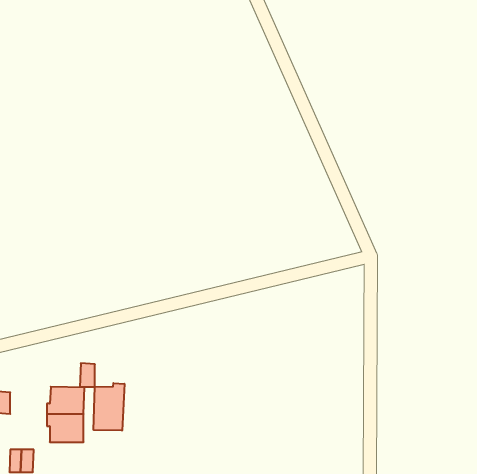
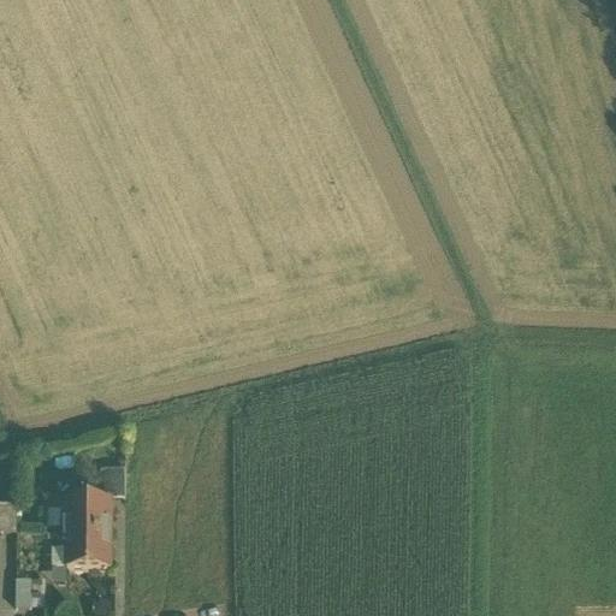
building: [94,383,124,431] -> none

